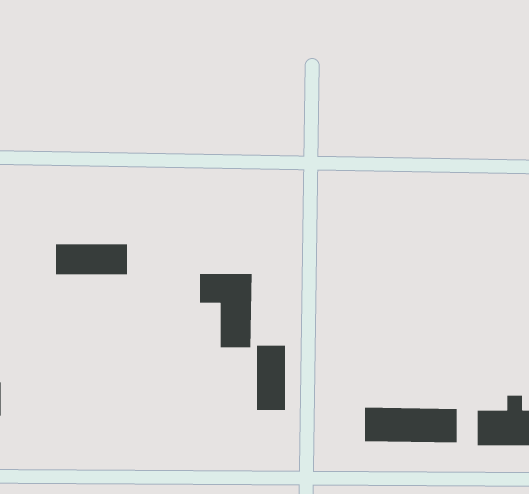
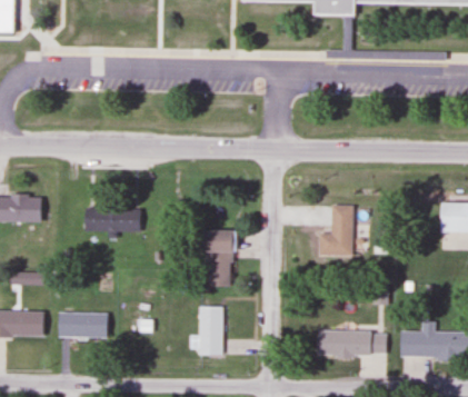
building: none -> [319,205,352,255]
building: [256,345,286,411] -> [199,306,221,355]
building: none -> [57,312,109,339]

